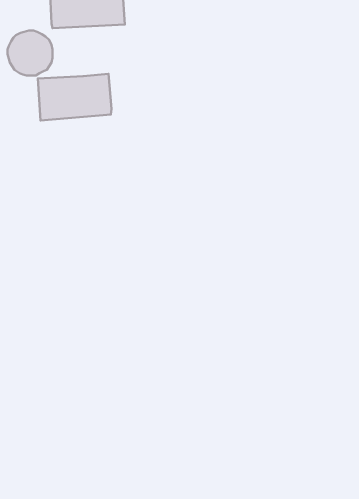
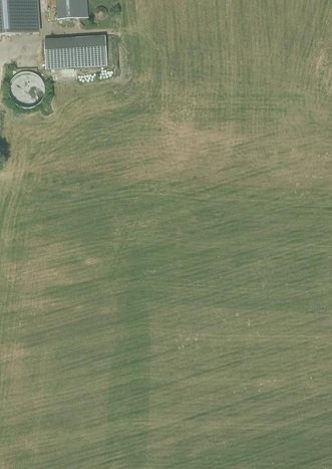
building: [38,74,111,121] -> none

